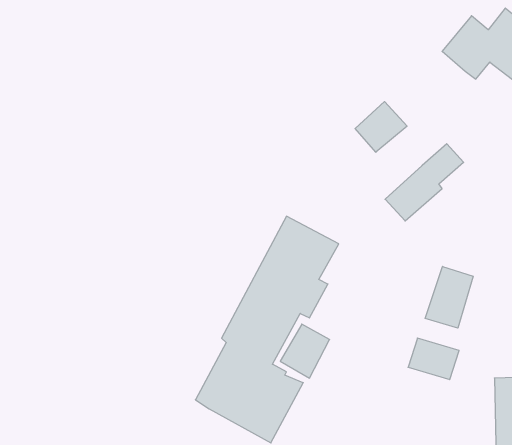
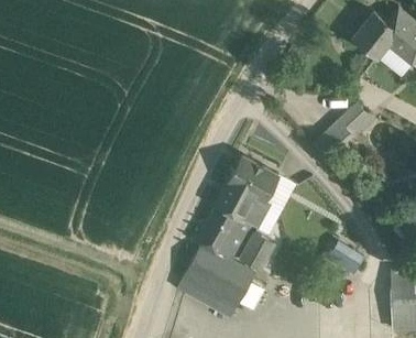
building: [355,102,407,152] -> none
building: [425,266,473,328] -> none

